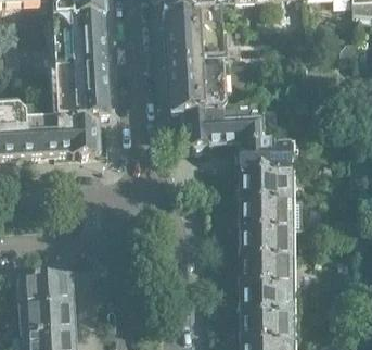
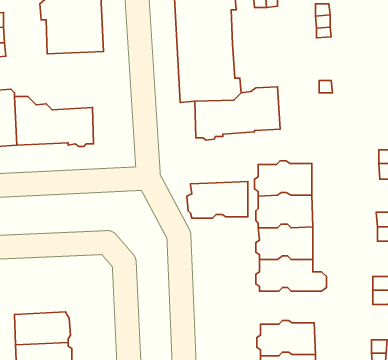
building: [54,66,108,118] -> none
building: [236,135,291,167] -> [187,181,248,218]
building: [20,270,75,301] -> none
building: [242,277,293,310] -> none

